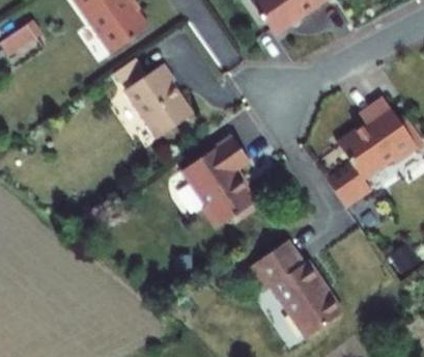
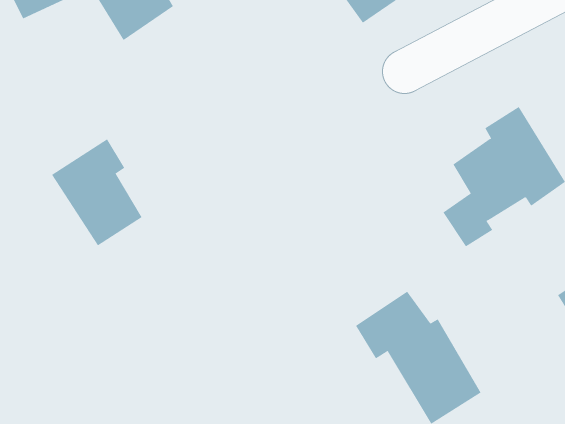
building: [112,66,177,143] -> [51,139,142,246]
building: [181,138,249,227] -> none

